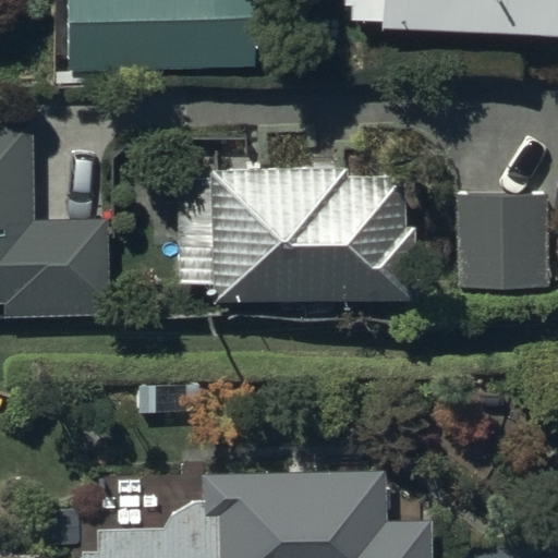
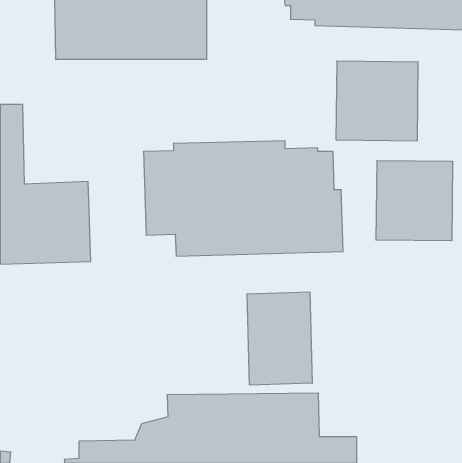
building: none -> [336,61,418,141]
building: none -> [247,292,312,385]

